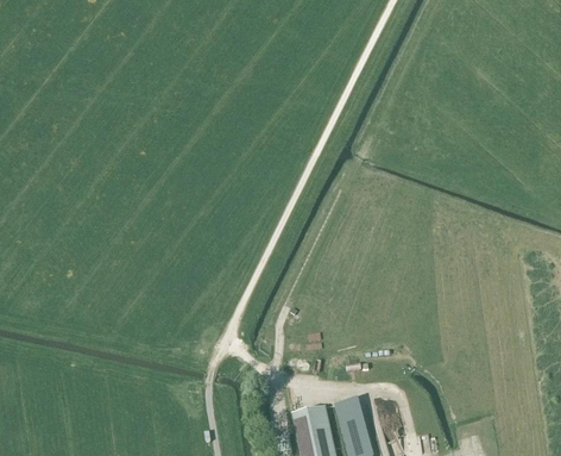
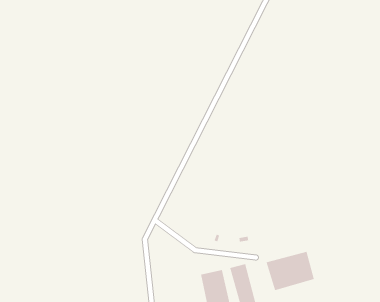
building: none -> [266,251,315,291]

